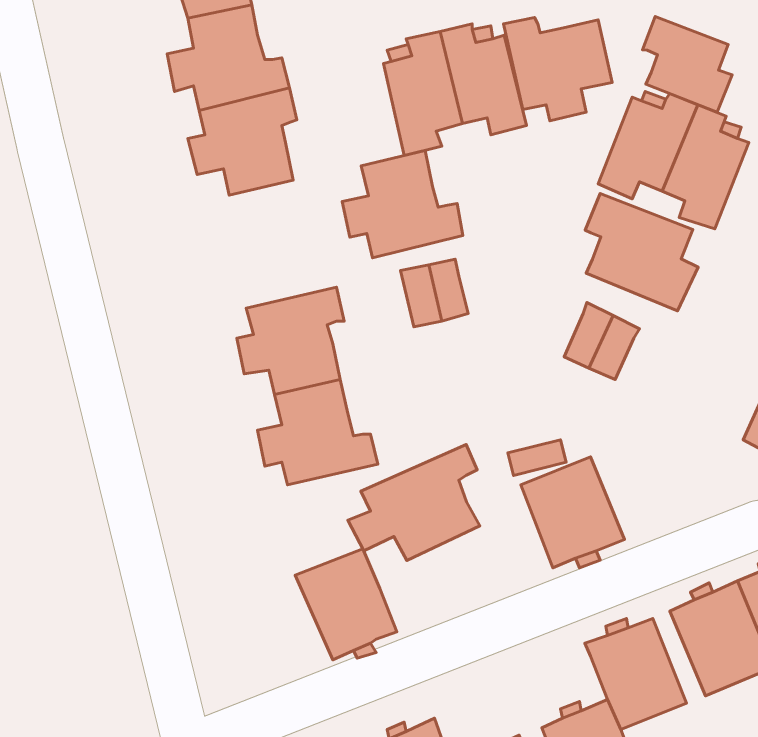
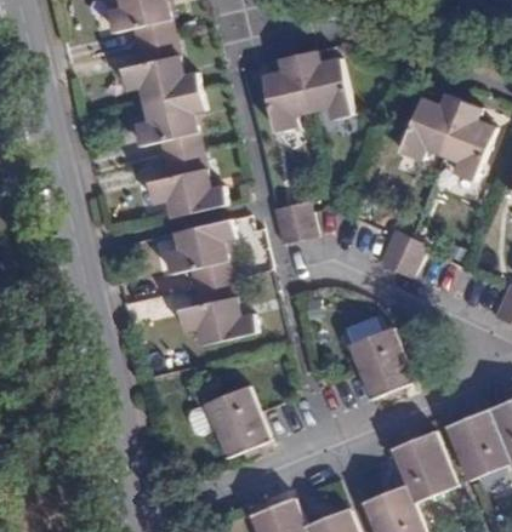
building: [643,17,732,112] -> none
building: [503,18,612,121] -> none
building: [342,151,463,258] -> [148,149,226,218]
building: [585,194,698,311] -> none
building: [348,445,480,561] -> none

